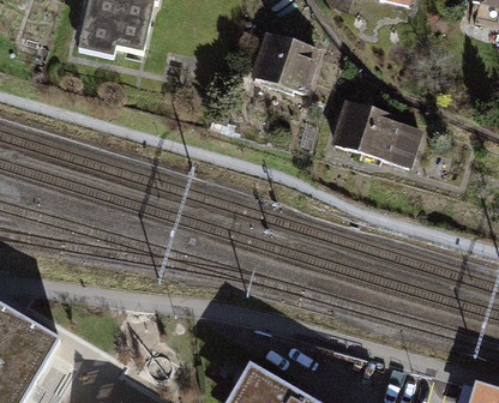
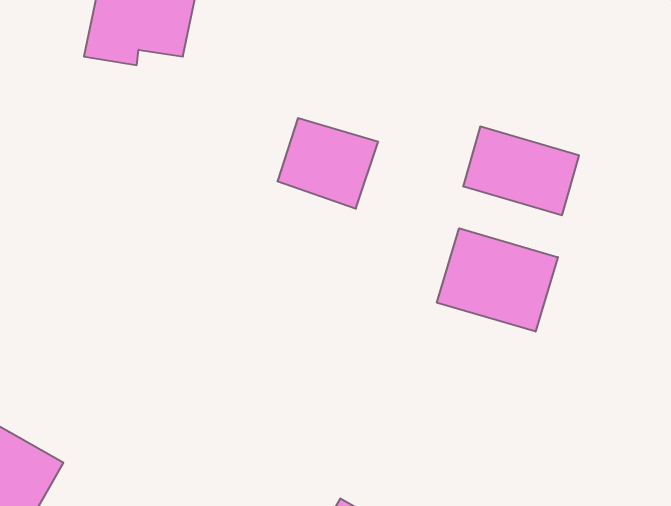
building: [246,31,317,95] -> [277,118,378,209]
building: none -> [437,228,558,332]

